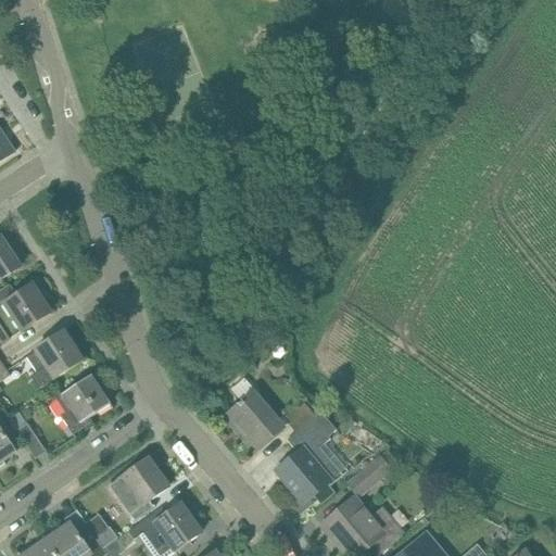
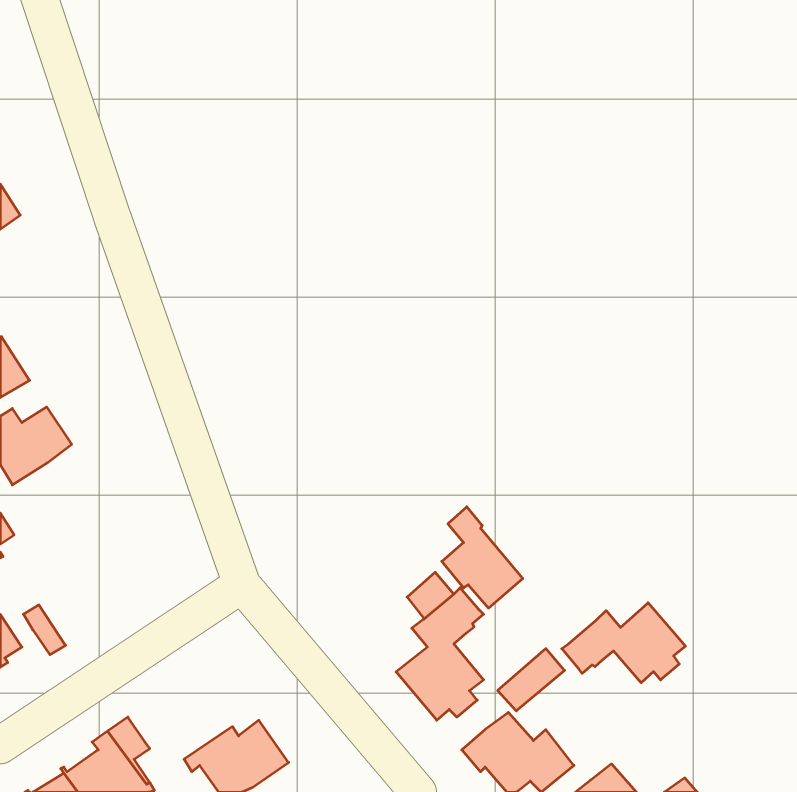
building: [31,329,81,386] -> none
building: [61,372,111,432] -> none
building: [225,377,281,447] -> [442,507,523,608]
building: none -> [562,603,685,683]
building: [110,457,169,521] -> none

